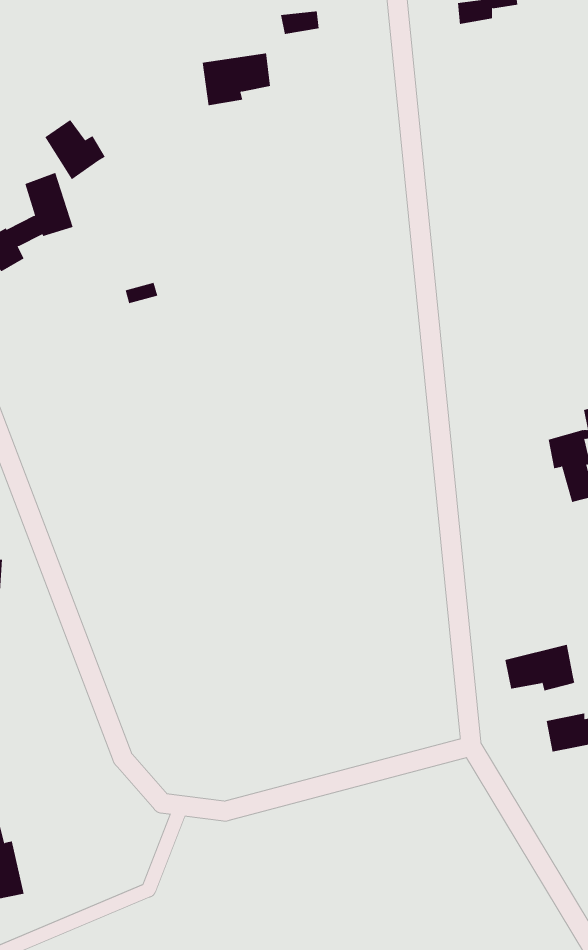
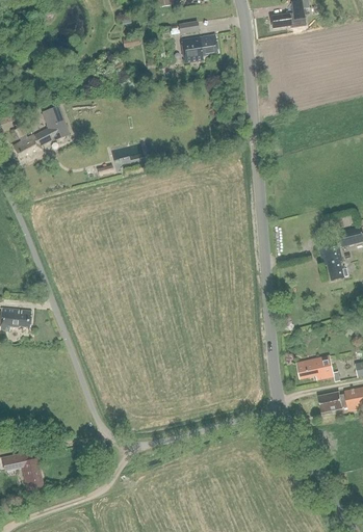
building: [202,53,271,106] -> [181,35,217,63]
building: [44,119,106,180] -> none

